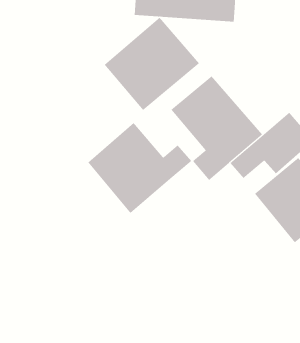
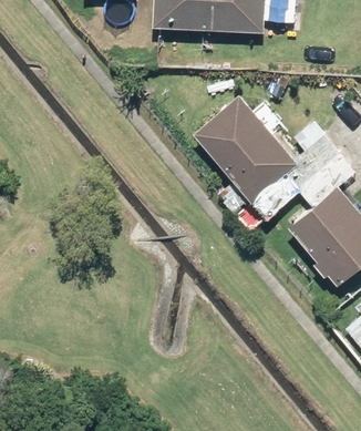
building: [104,17,200,111] -> none
building: [87,122,192,214] -> none

